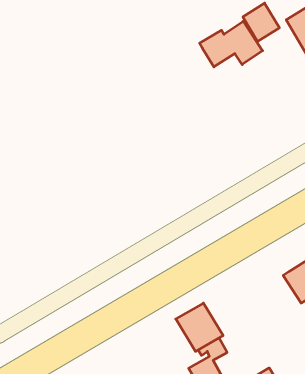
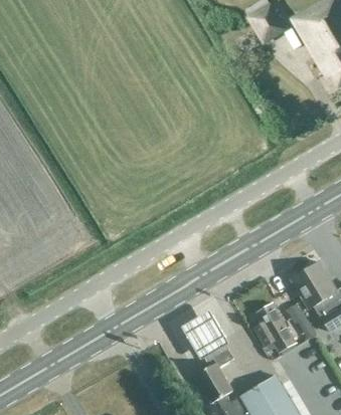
building: [200,21,263,67] -> none
building: none -> [253,305,296,355]

